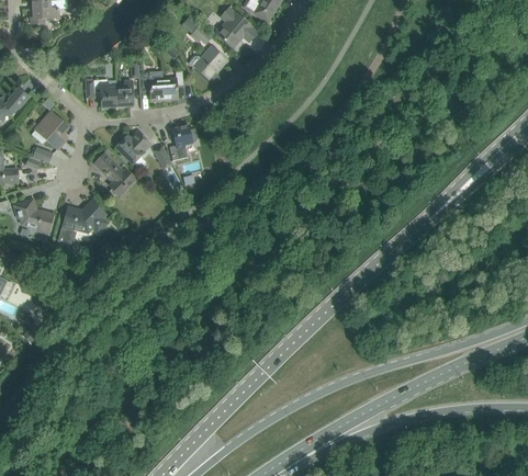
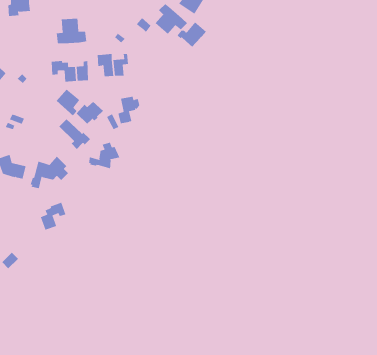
building: none -> [56,18,87,44]
building: [189,45,227,78] -> [177,22,207,48]
building: [36,112,67,147] -> [56,89,80,116]
building: none -> [88,142,120,169]
building: none -> [40,202,66,231]

